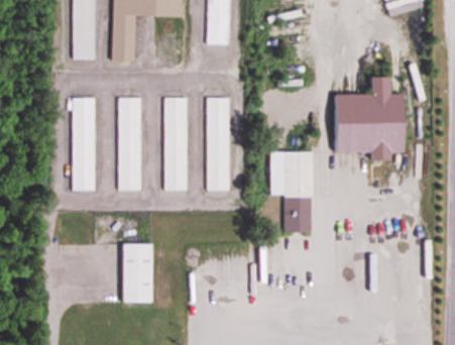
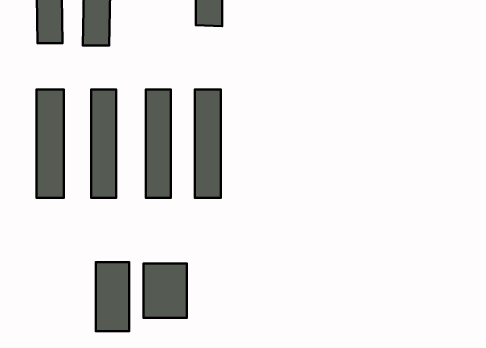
building: [335,77,403,160] -> none
building: [270,151,312,232] -> none
building: none -> [144,264,187,318]

